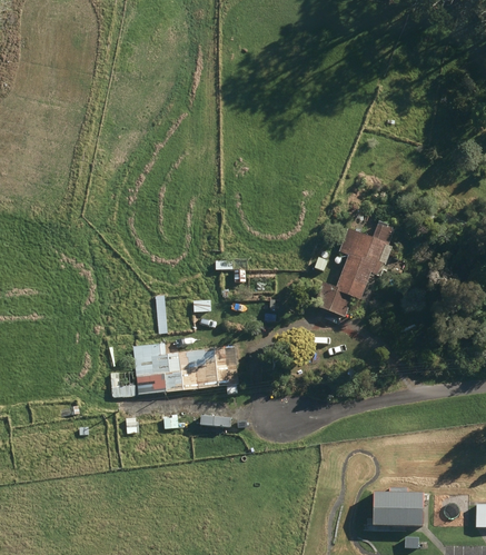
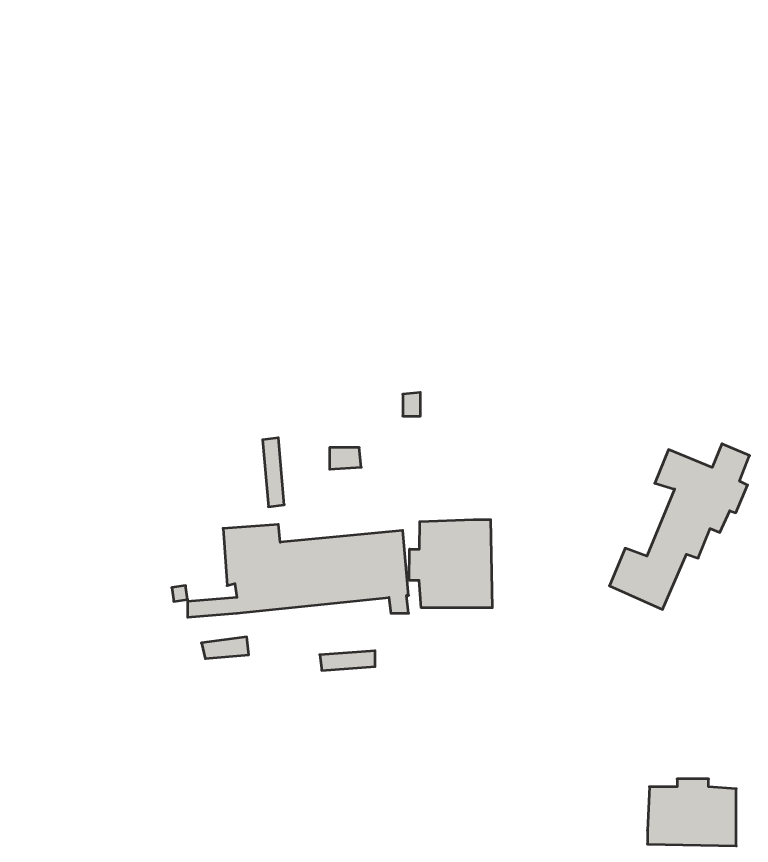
building: [315,224,394,317] -> [609,444,750,609]
building: none -> [409,520,492,608]

